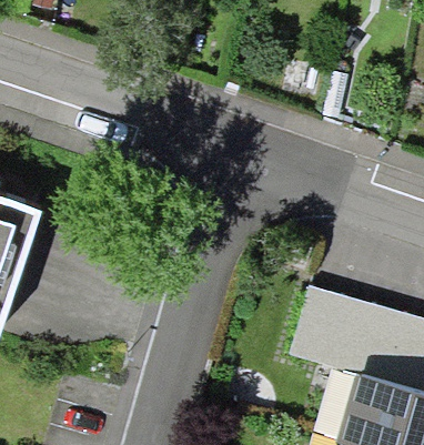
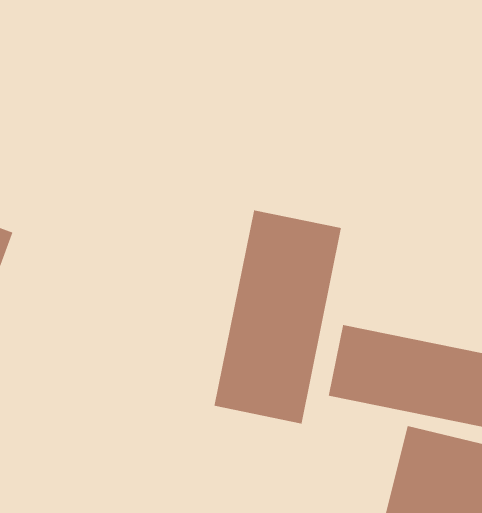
building: none -> [214,210,342,424]

